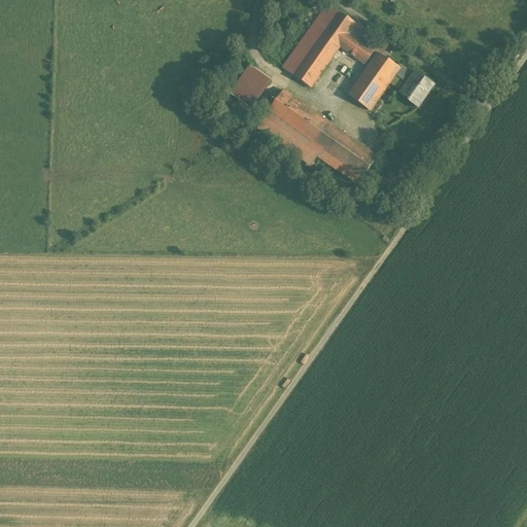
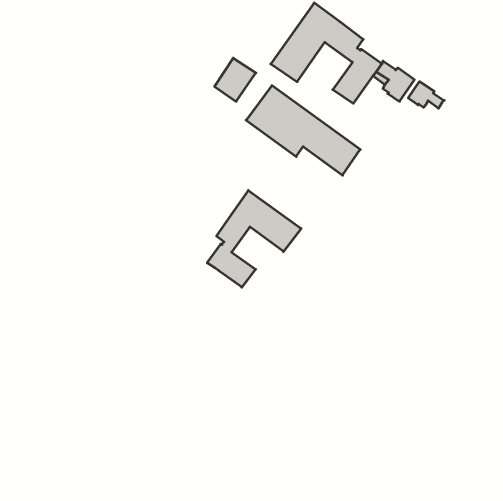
building: none -> [408,82,444,108]
building: none -> [207,190,301,287]

